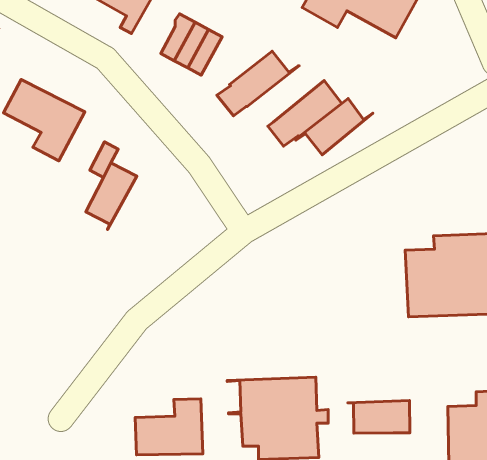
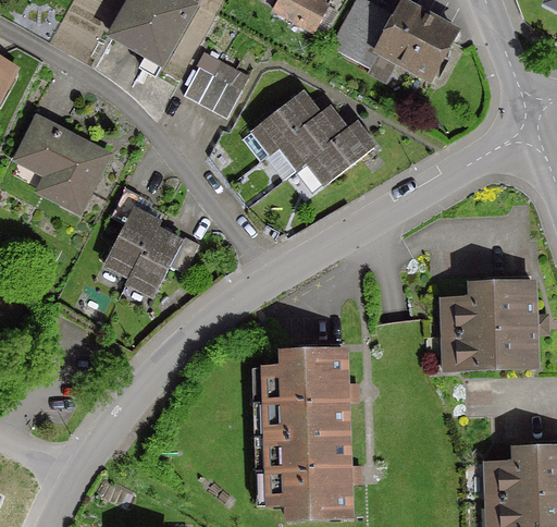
building: [296,99,373,155] -> [274,107,355,166]
building: none -> [128,222,198,292]
building: none -> [252,350,357,436]
building: [135,399,203,455] -> none
building: [348,401,410,433] -> none

